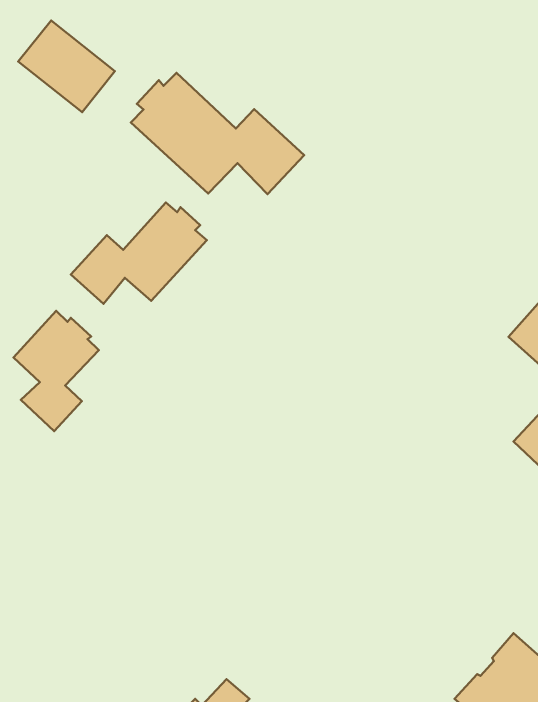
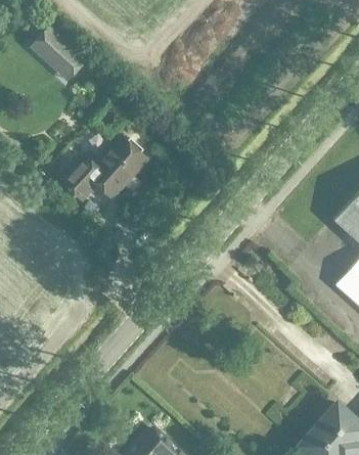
building: [131,73,304,194] -> none
building: [14,311,99,431] -> none

